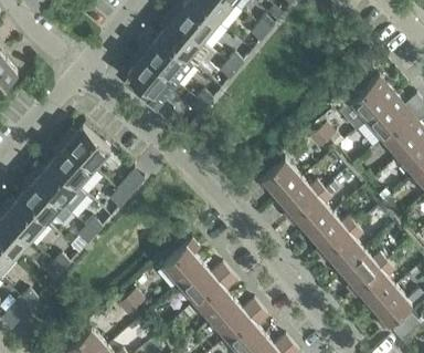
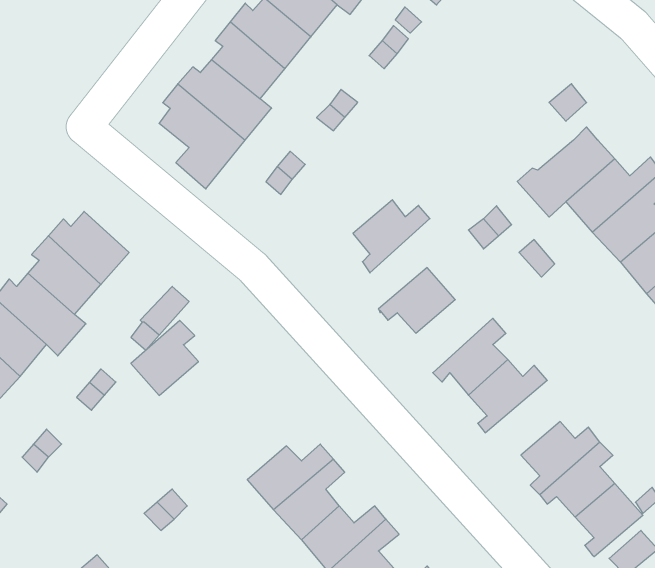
building: [279,180,325,224] -> [353,200,430,273]
building: [320,228,364,272] -> none
building: [163,242,203,287] -> [131,320,198,395]

